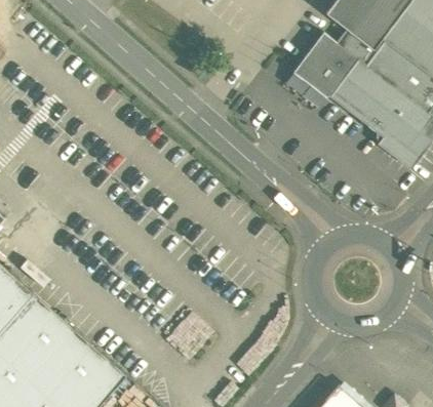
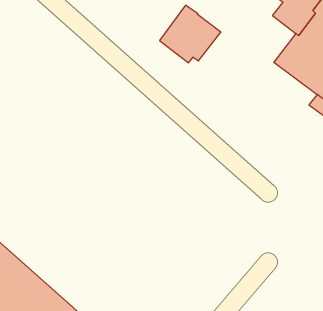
building: [294,34,362,97] -> [160,5,221,63]

